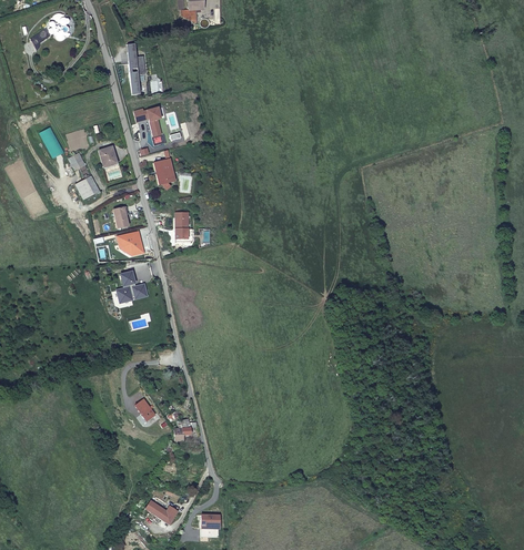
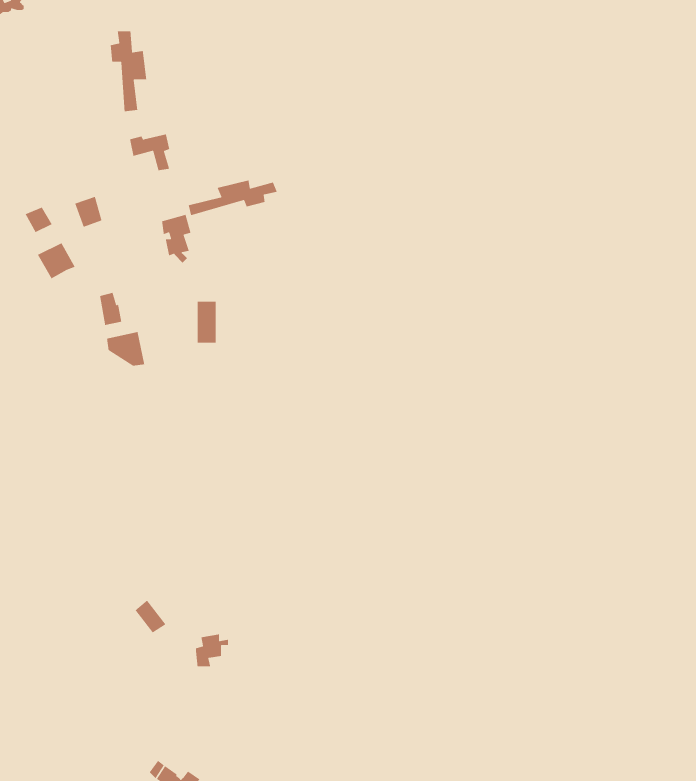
building: none -> [188,179,278,216]
building: [118,272,147,301] -> none

